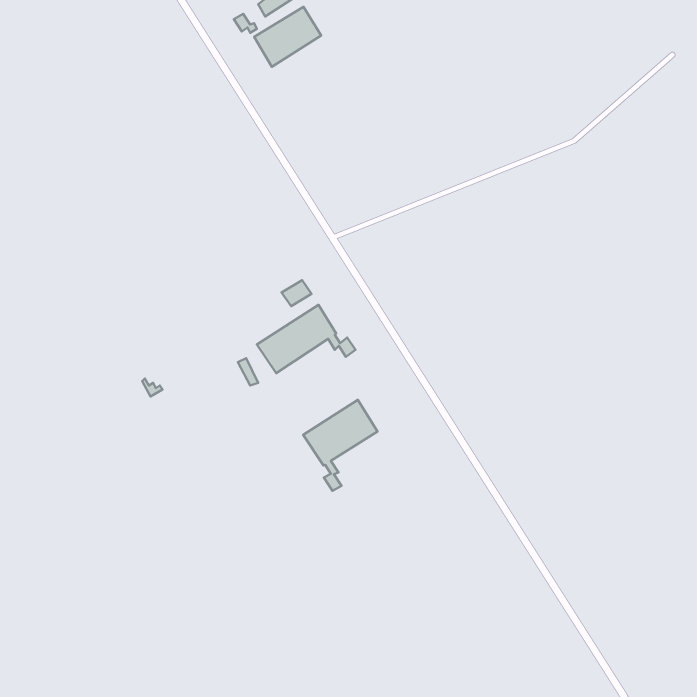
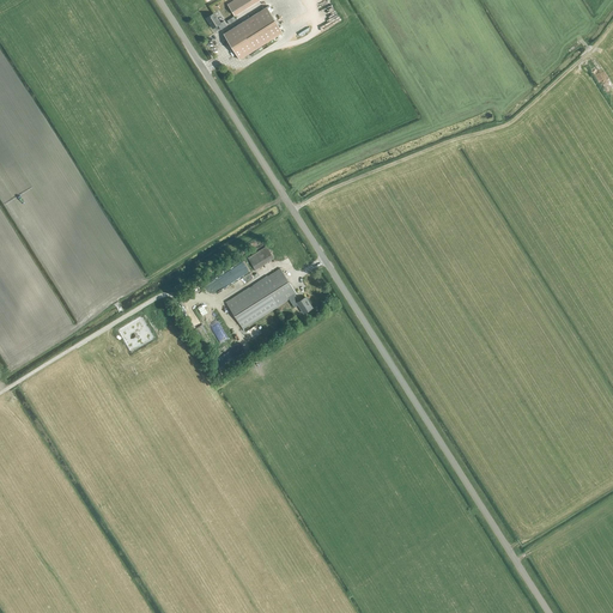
building: [303,400,378,491] -> none

